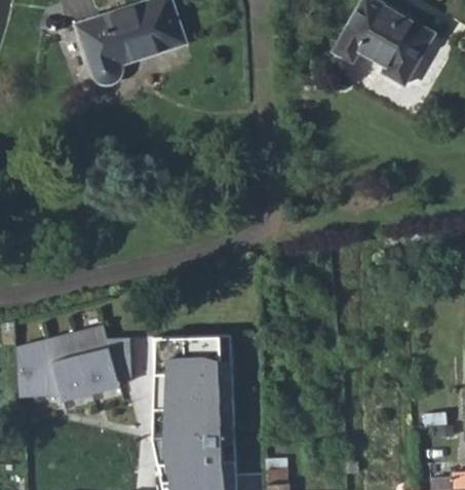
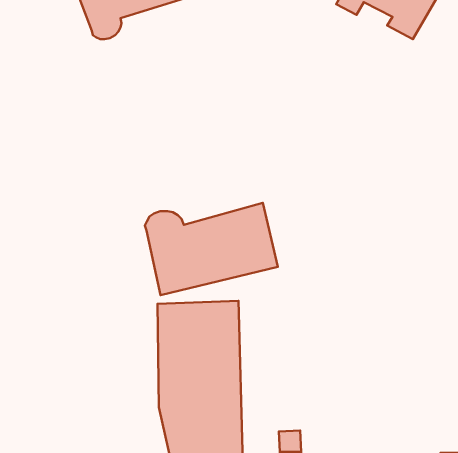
building: none -> [145,203,278,295]
building: [16,325,134,404] -> none

